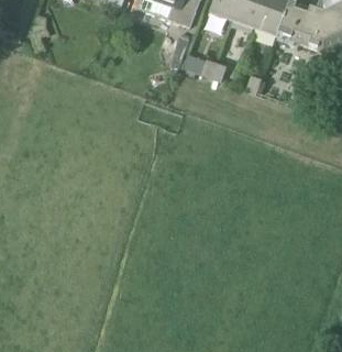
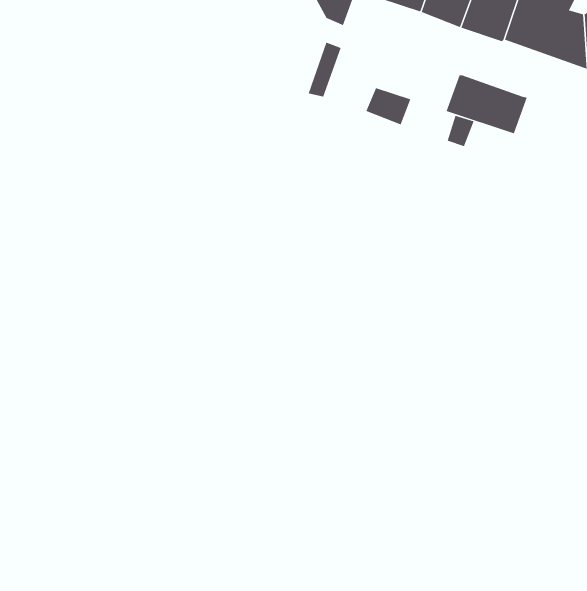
building: none -> [446,75,527,134]

